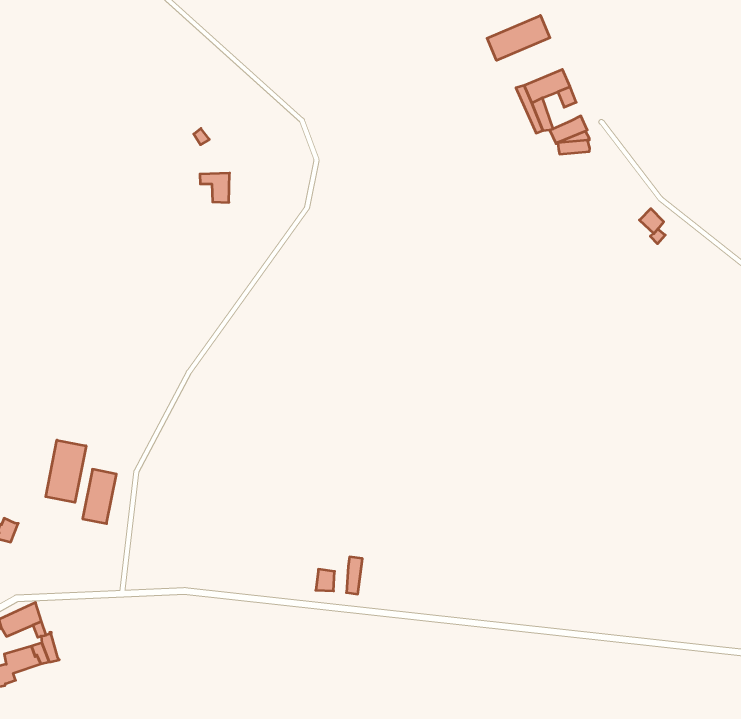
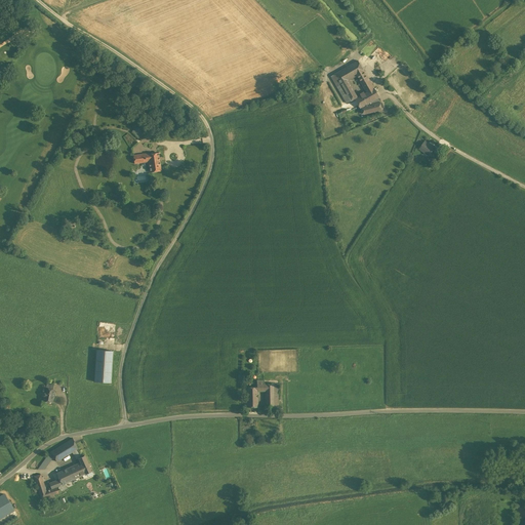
building: [487,15,550,60] -> none
building: [46,440,86,502] -> none

